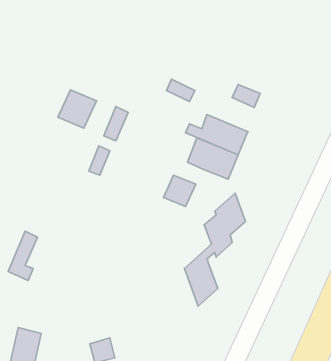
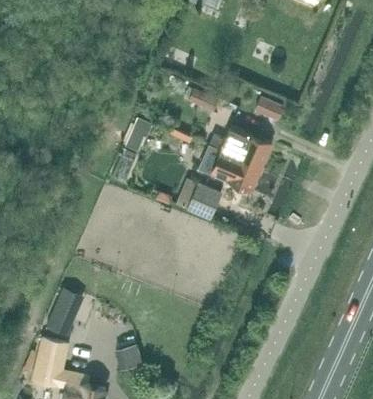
building: [58,90,97,128] -> none
building: [185,193,246,306] -> none
building: [8,231,37,280] -> [48,285,77,334]

